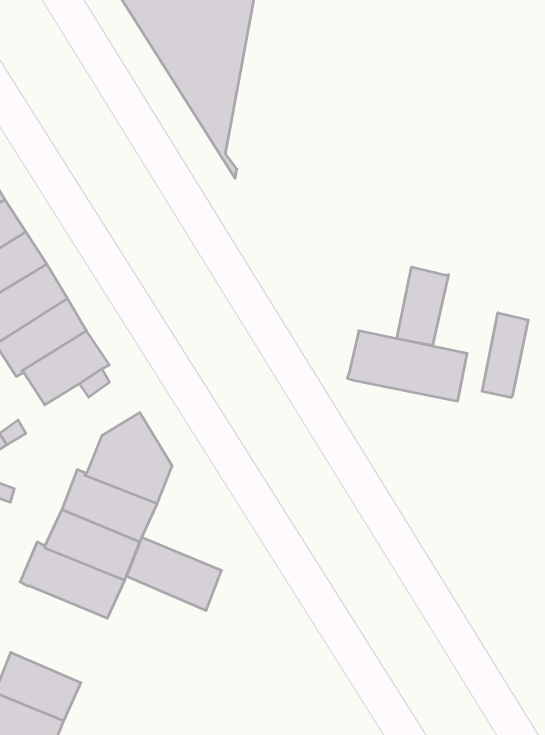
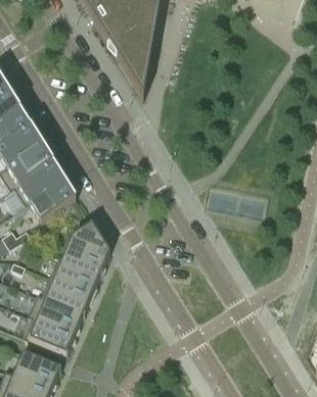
building: [397,267,449,345] -> none
building: [482,313,528,398] -> none
building: [126,538,222,610] -> [26,315,77,354]

